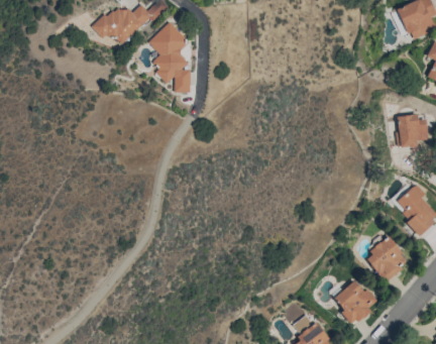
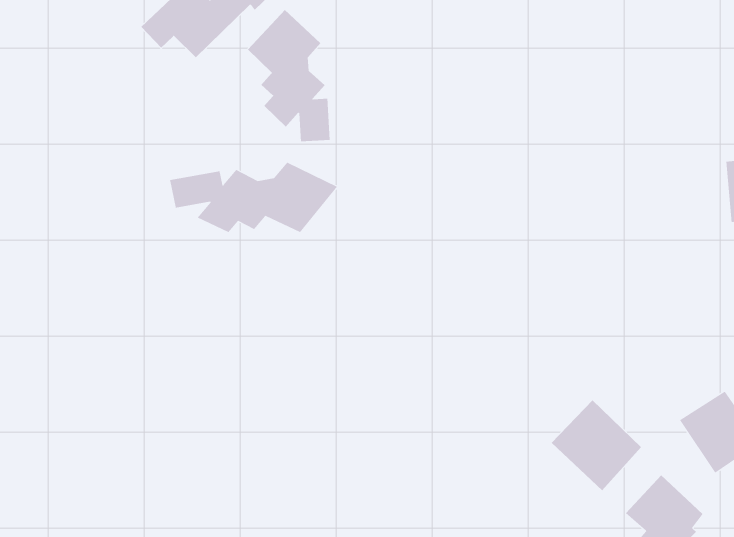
building: none -> [169,162,338,233]
building: none -> [551,399,642,491]

